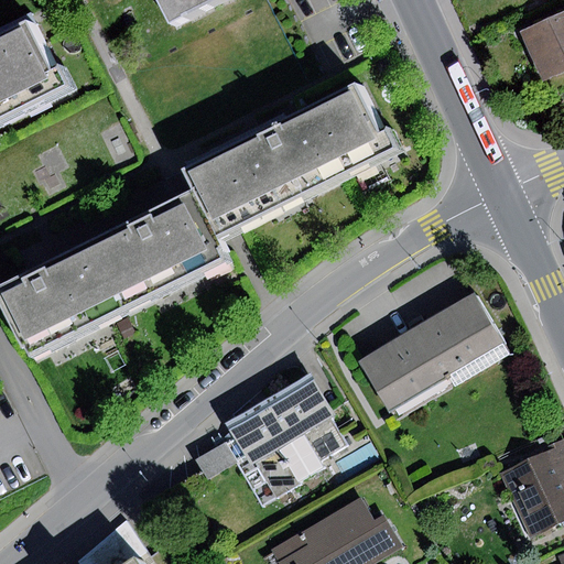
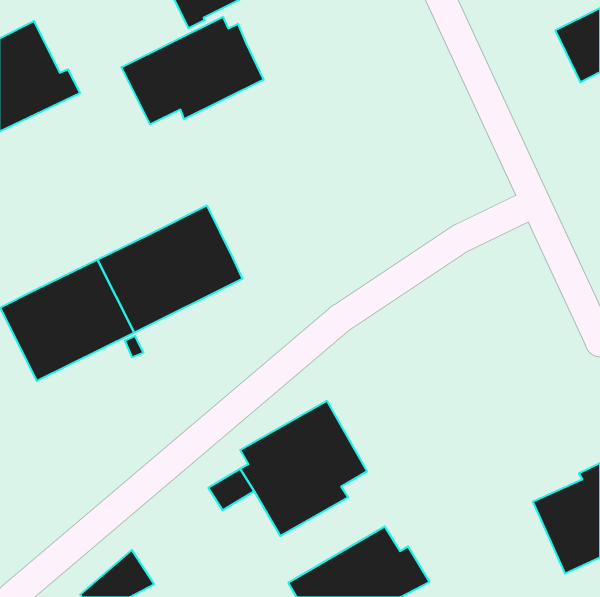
building: none -> [121,17,264,124]
building: [183,84,401,241] -> none
building: [359,291,508,419] -> none

